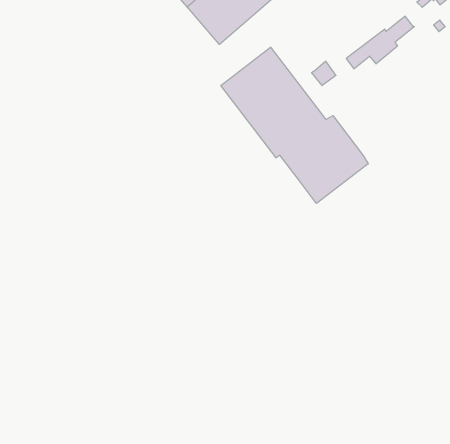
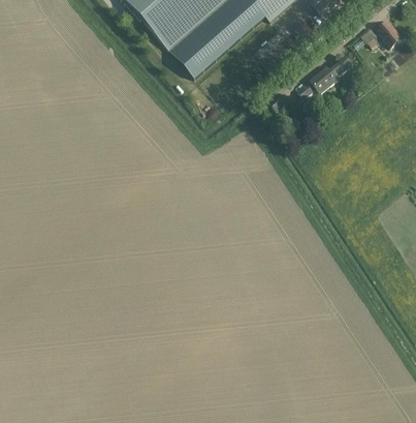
building: [221,47,368,203] -> none

